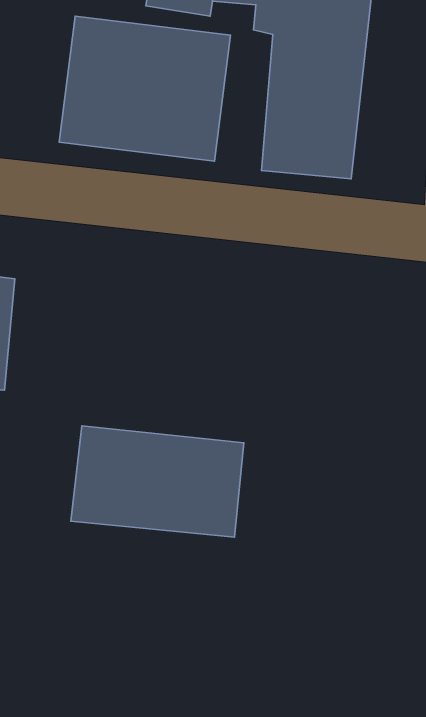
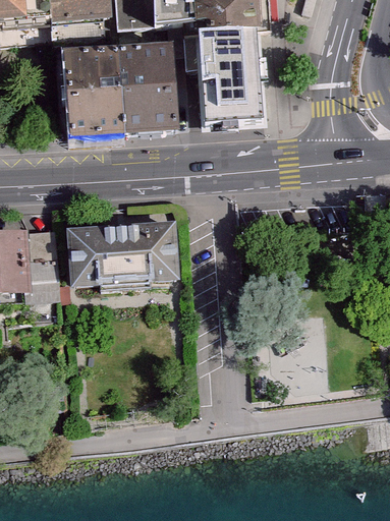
building: [71,426,244,537] -> [68,220,179,289]

